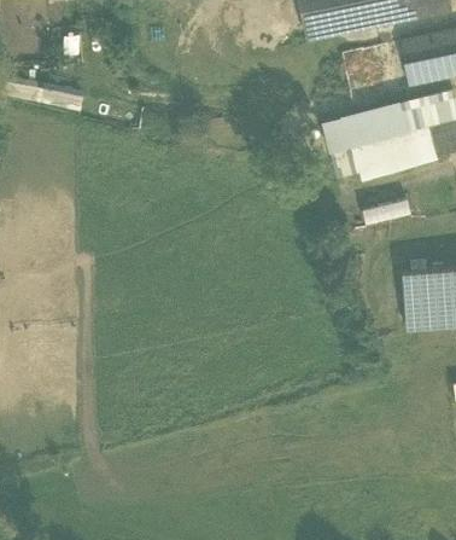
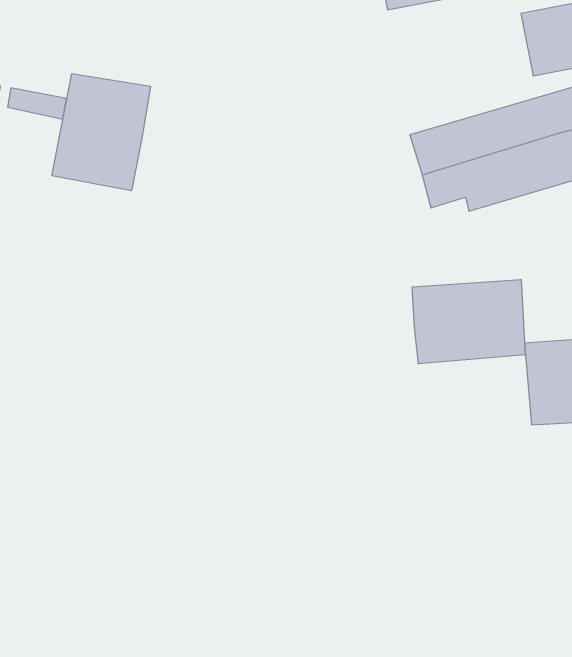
building: none -> [52,74,151,191]
building: none -> [412,279,525,364]

